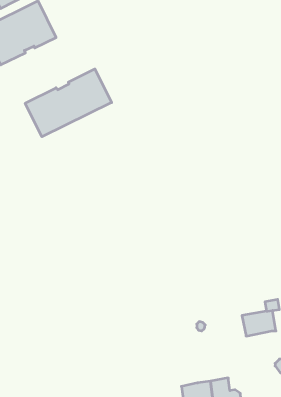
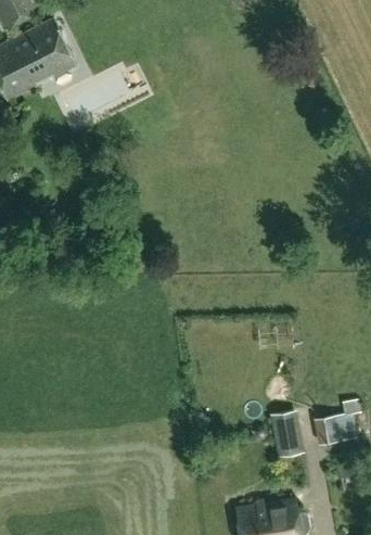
building: [25,69,112,137] -> none
building: none -> [271,408,302,458]

